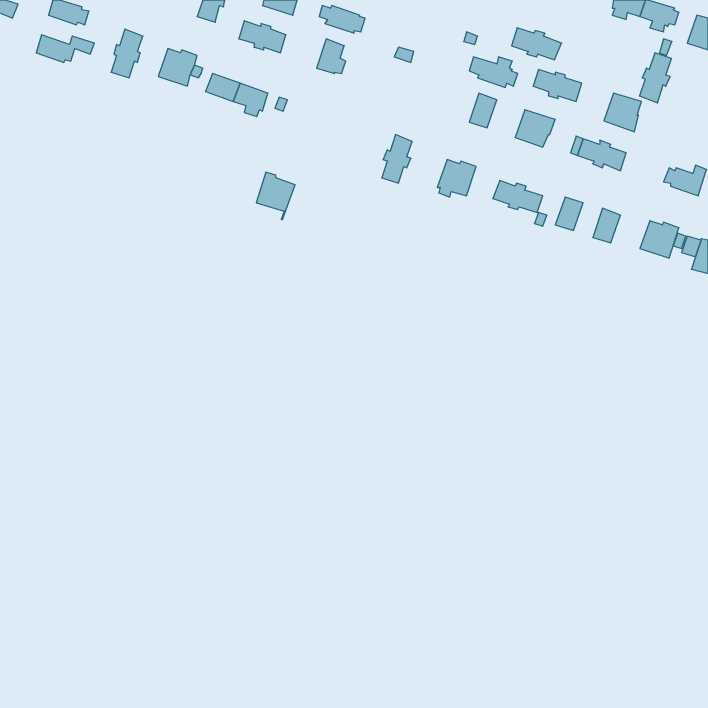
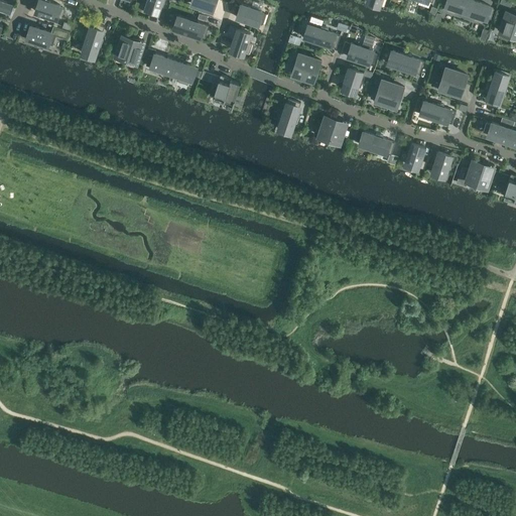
building: [512,28,562,60] -> [303,25,340,48]
building: [639,53,671,103] -> [484,73,507,109]
building: none -> [291,54,320,82]
building: [256,172,295,219] -> [212,76,240,110]

